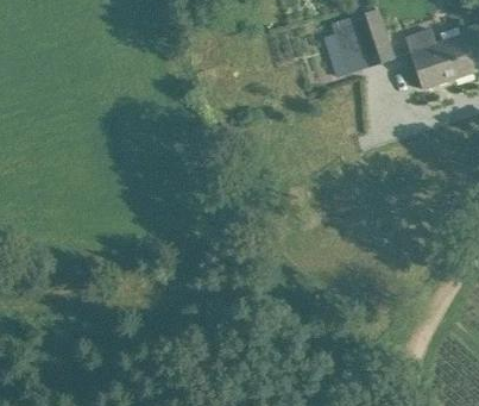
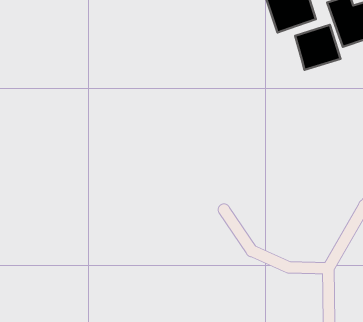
building: none -> [295,25,341,70]

